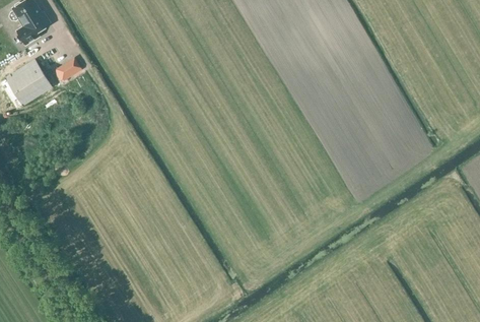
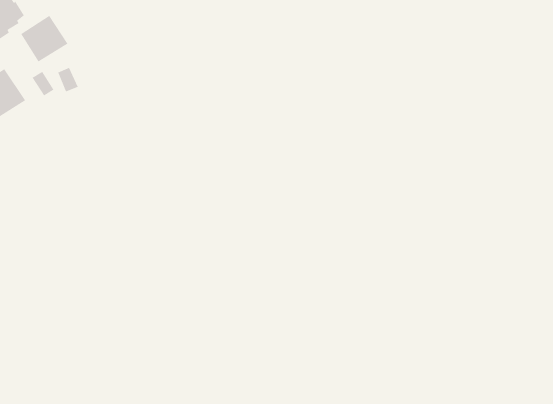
building: none -> [20,15,69,62]

